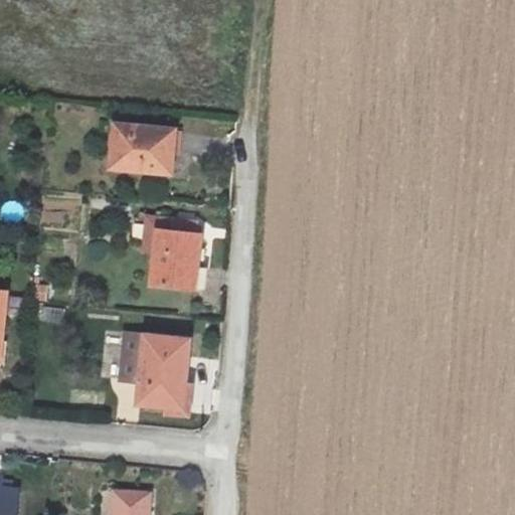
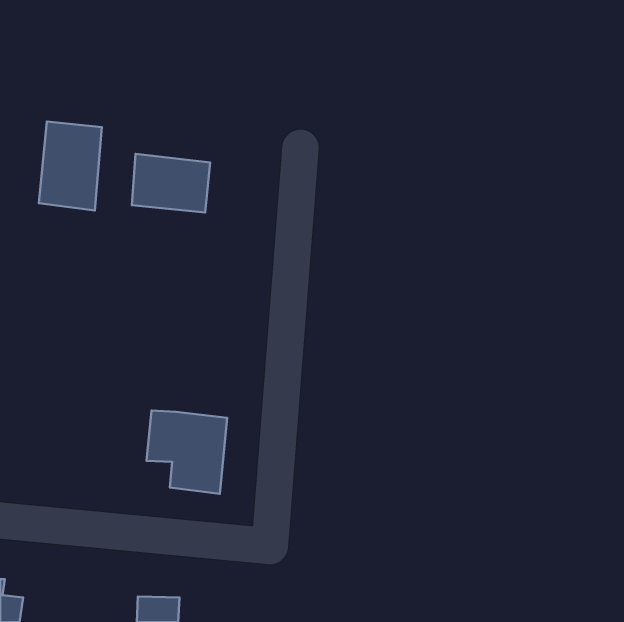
building: none -> [39,121,102,210]
building: [152,222,197,288] -> none

